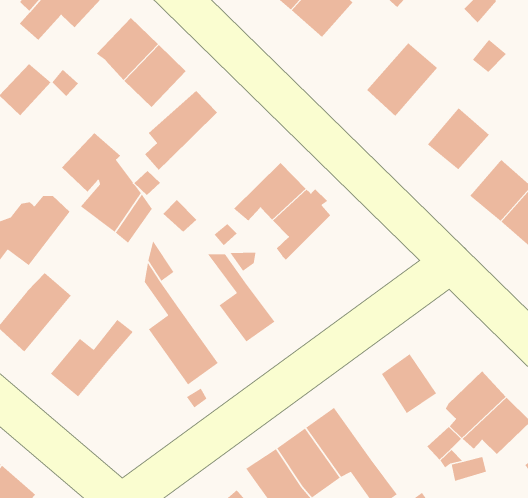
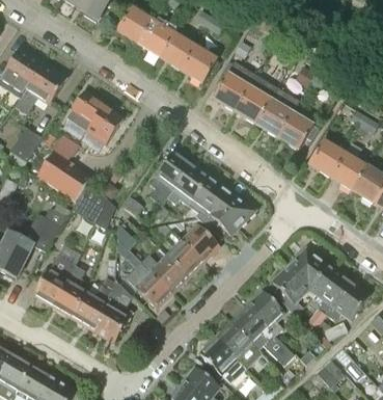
building: none -> [212,62,254,110]
building: none -> [254,87,299,137]
building: [144,90,218,171] -> [148,152,189,205]
building: none -> [37,152,73,189]
building: none -> [202,190,253,235]
building: none -> [182,224,218,261]
building: none -> [141,254,187,292]
building: none -> [53,266,85,316]
building: none -> [288,249,333,293]
building: none -> [90,282,132,342]
building: none -> [247,291,283,335]

